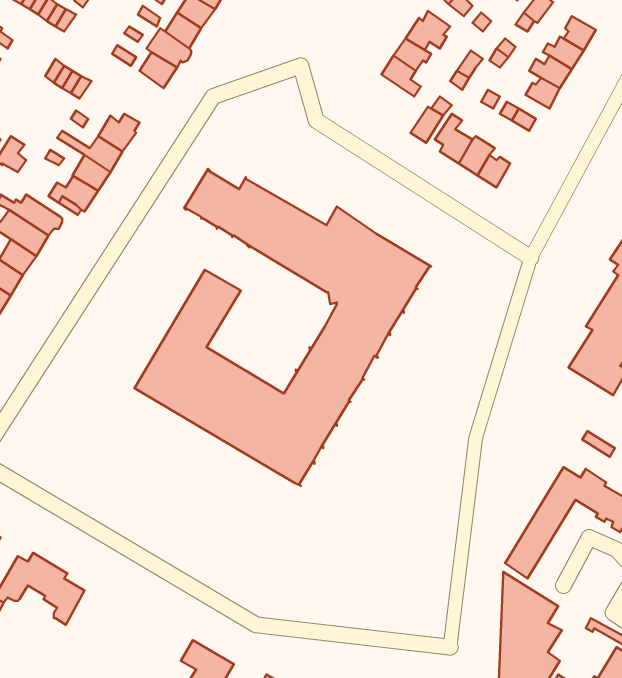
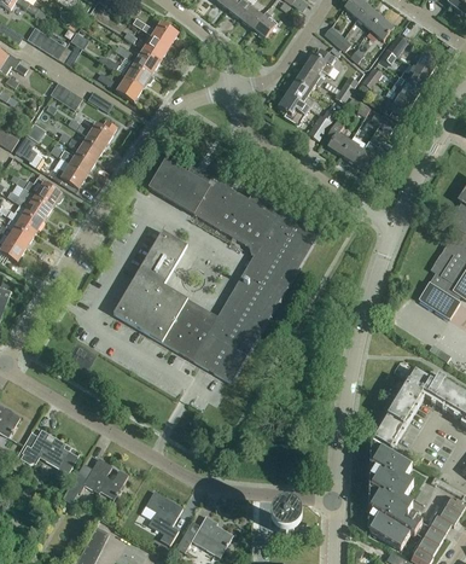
building: none -> [276,92,309,123]
building: none -> [64,457,127,500]

